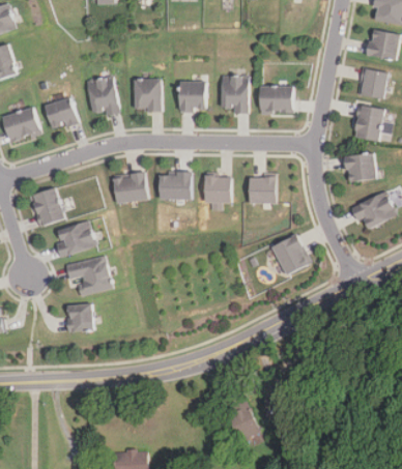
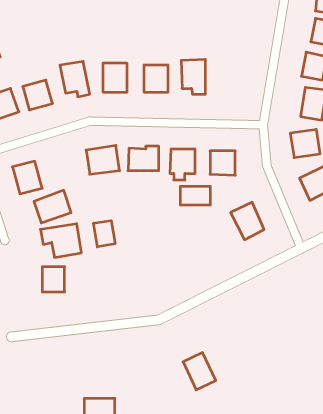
building: [260,86,292,113] -> none
building: none -> [180,186,210,205]
building: none -> [94,221,115,247]

